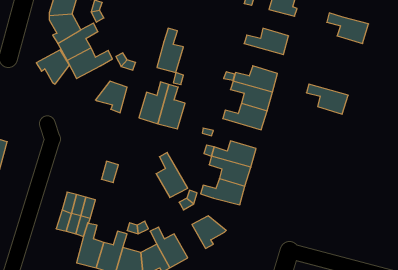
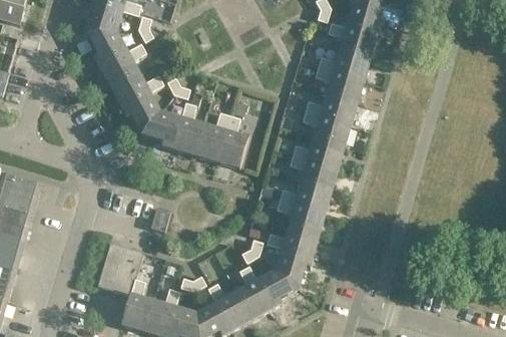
building: [327,13,369,44] -> [327,22,376,58]
building: [157,28,183,73] -> [171,102,202,154]
building: [36,50,70,84] -> [120,93,159,133]
building: [306,84,348,114] -> [314,67,363,102]
building: none -> [289,155,337,191]
building: [156,152,188,198] -> [234,266,272,319]
building: none -> [275,249,312,287]

